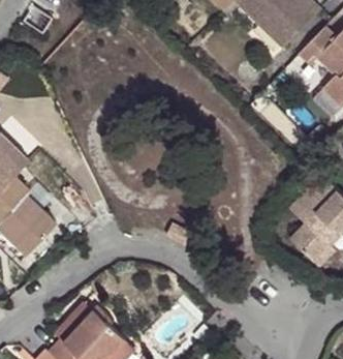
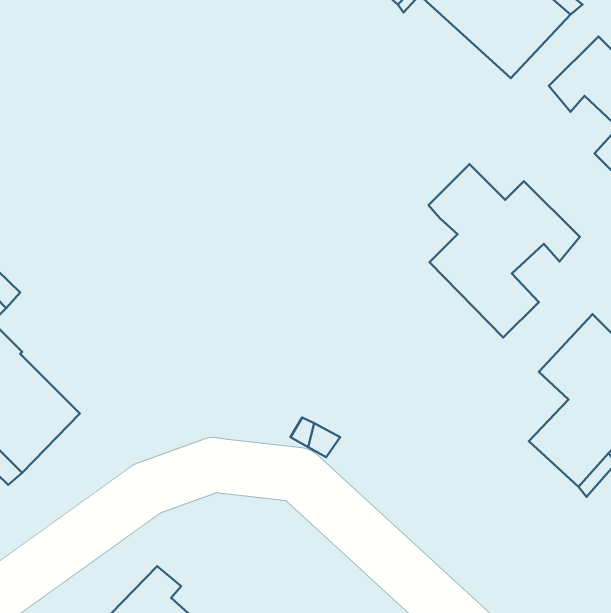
building: none -> [428,164,580,338]

